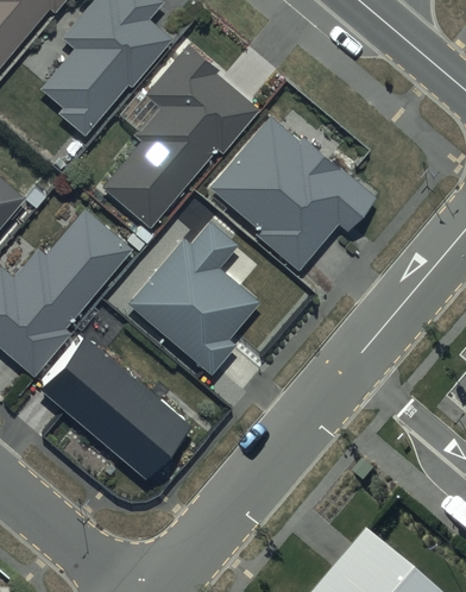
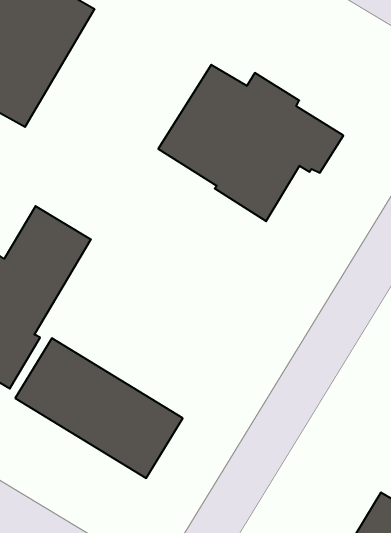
building: [105,46,259,229] -> none
building: [127,213,258,366] -> none

